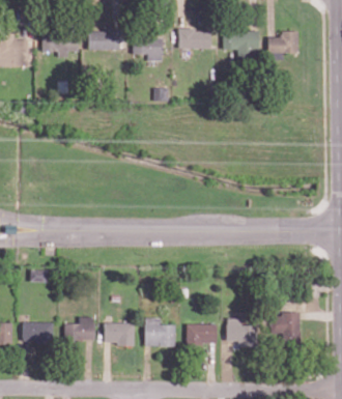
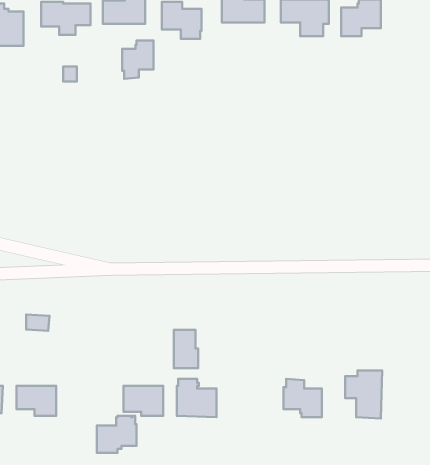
building: none -> [122,41,153,79]
building: none -> [174,330,198,368]
building: [64,317,94,345] -> [97,416,137,453]
building: [186,324,216,346] -> none

